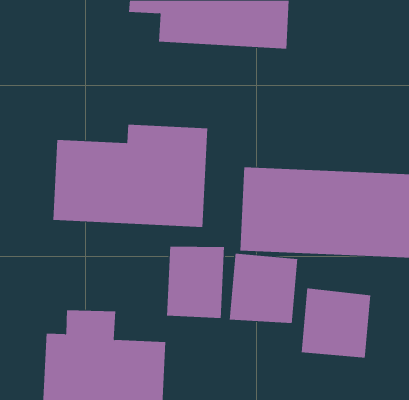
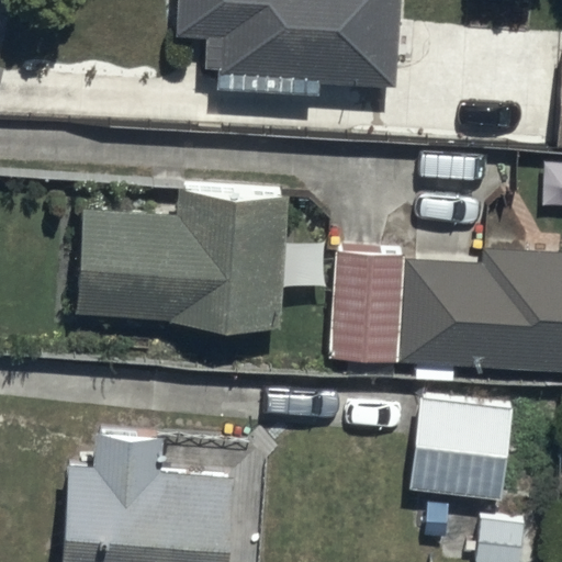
building: [166,246,225,319] -> none
building: [229,253,298,324] -> none

